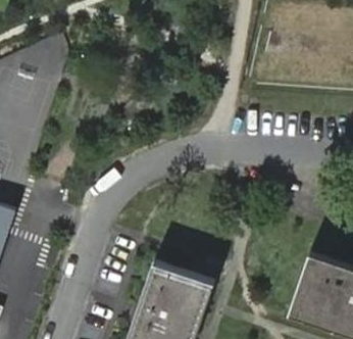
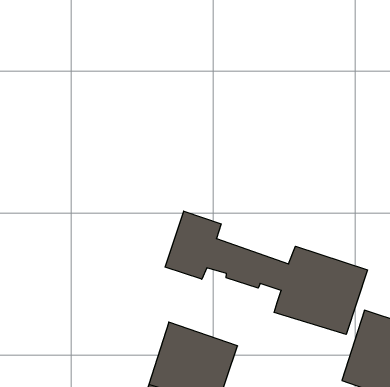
building: none -> [165,211,368,334]

